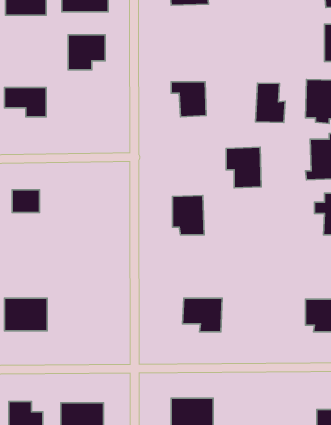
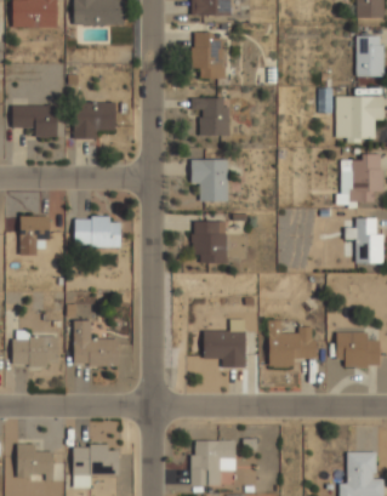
building: none -> [193,34,224,79]
building: [68,35,105,70] -> [75,101,115,138]
building: [255,83,285,123] -> none
building: [226,147,261,188] -> [192,159,229,203]
building: none -> [75,215,121,246]
building: none -> [74,320,118,365]
building: none -> [269,320,315,367]

